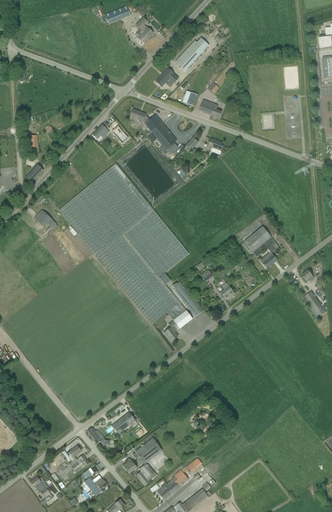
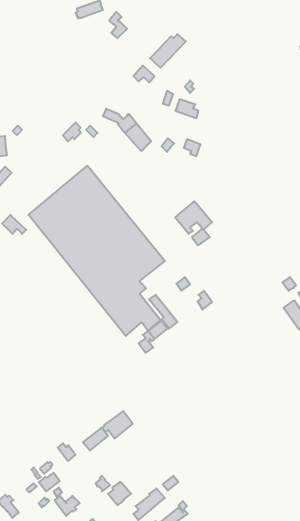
building: [244,226,279,268] -> [175,201,212,245]
building: [133,438,162,464] -> [102,411,133,438]

